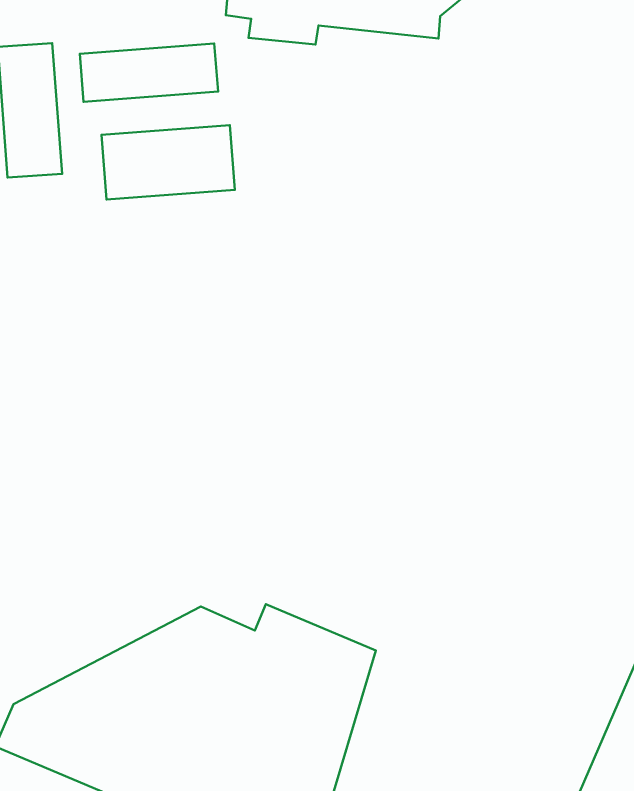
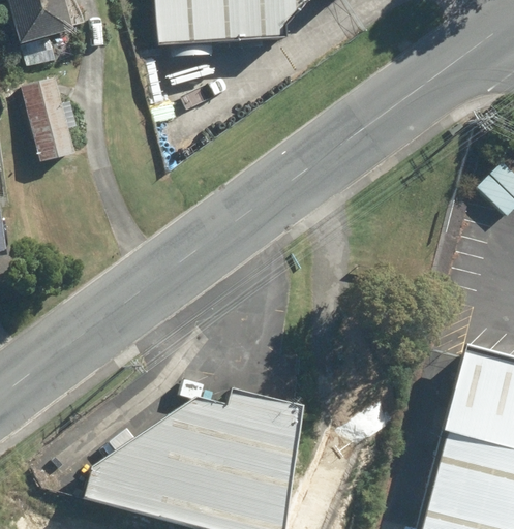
building: [80,44,218,102] -> none
building: [101,125,235,199] -> none

